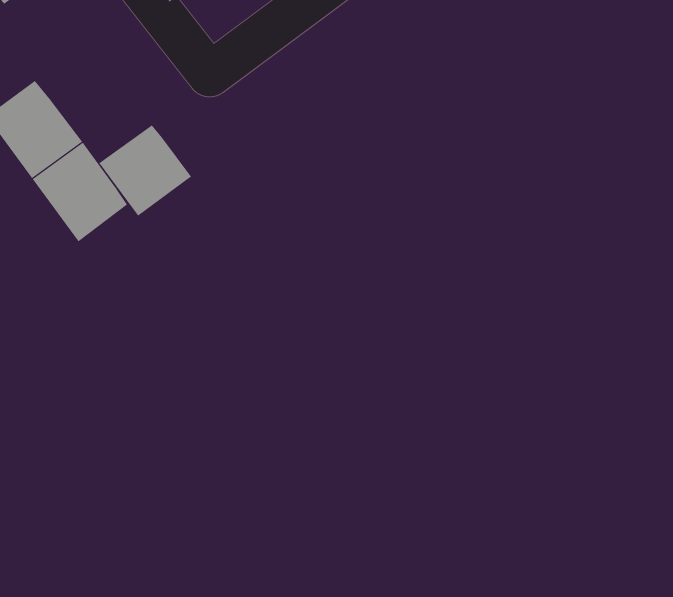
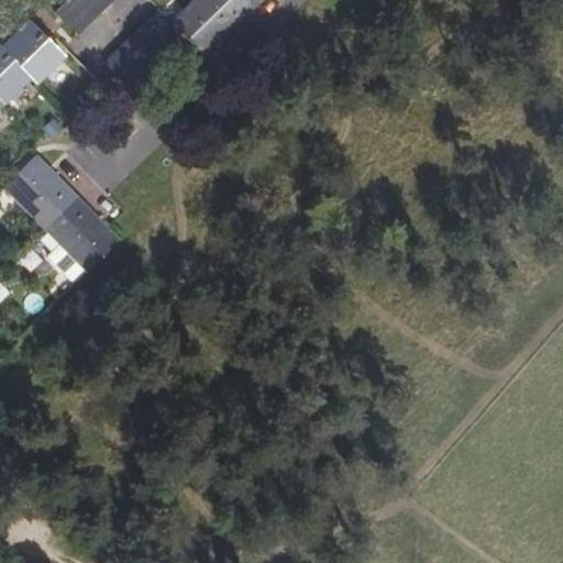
building: [99,124,192,217] -> none

